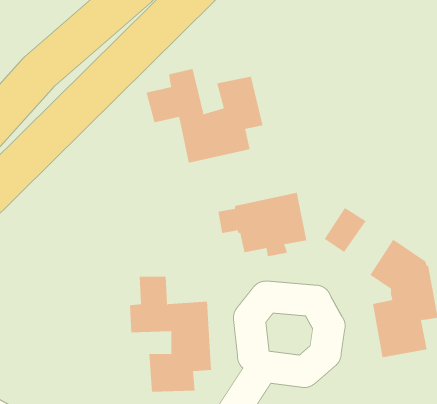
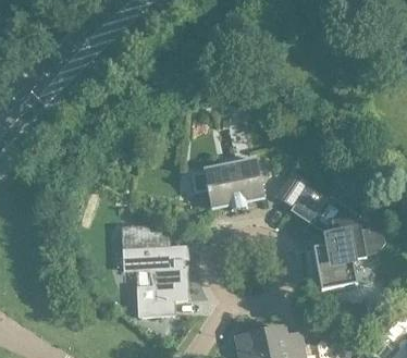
building: [146,68,263,163] -> none
building: none -> [291,182,331,224]

